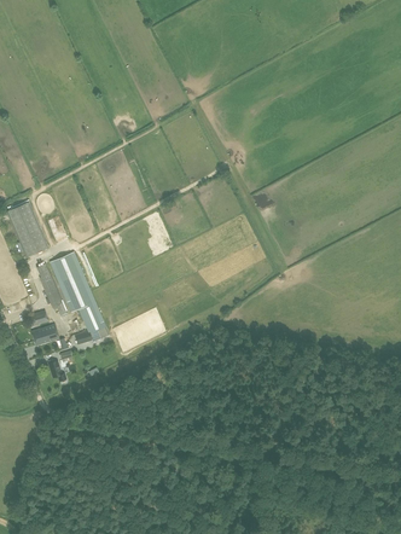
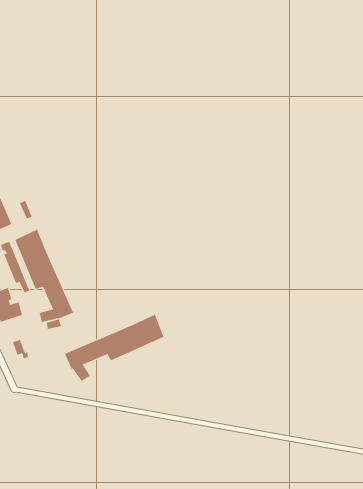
building: none -> [64,314,164,382]

